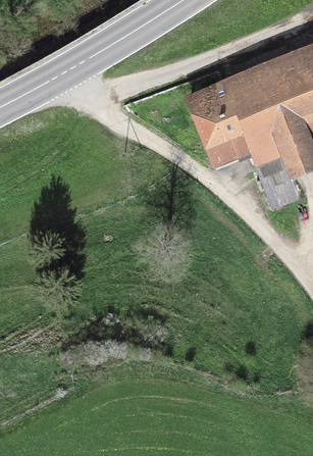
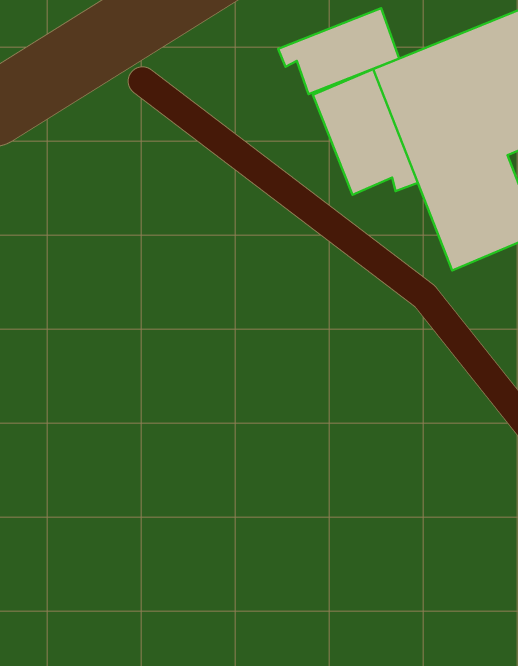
building: none -> [278,8,399,94]

